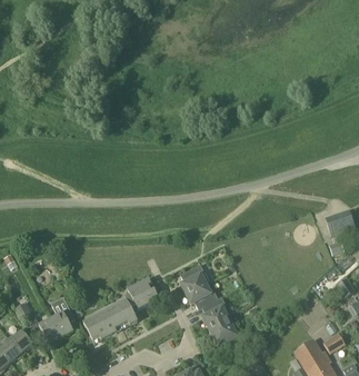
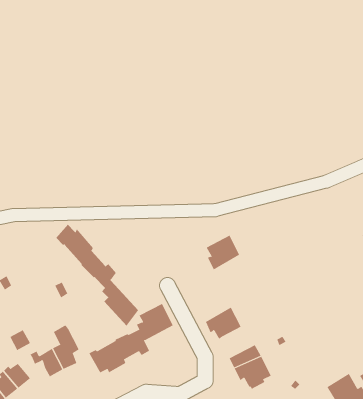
building: none -> [56,224,139,327]
building: [179,263,209,294] -> [206,235,240,270]
building: [201,296,230,326] -> none

